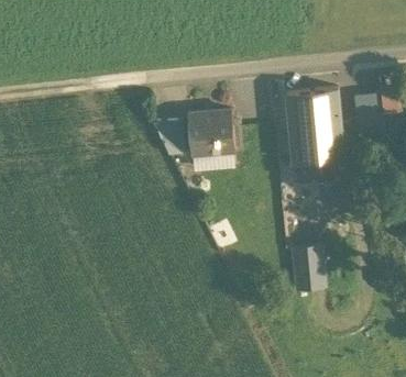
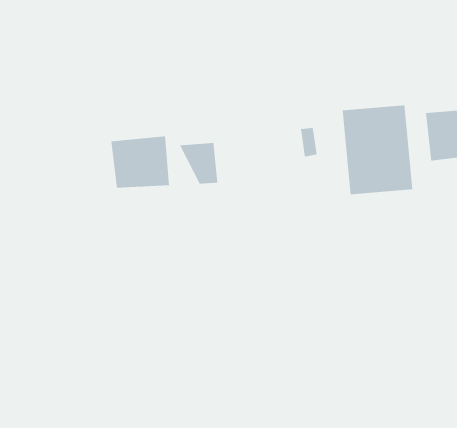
building: [188,110,237,153] -> [111,136,170,188]
building: [295,247,325,289] -> none

